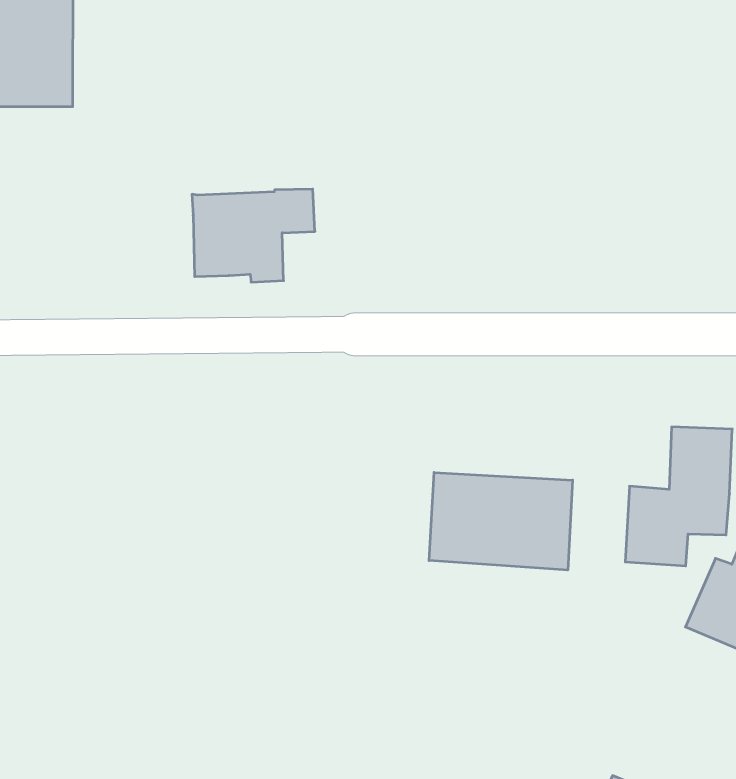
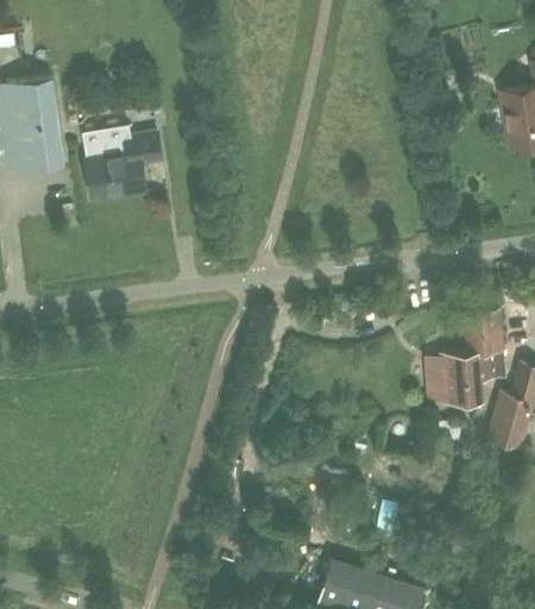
building: [192,189,315,282] -> [82,134,162,199]
building: [429,472,573,570] -> none

